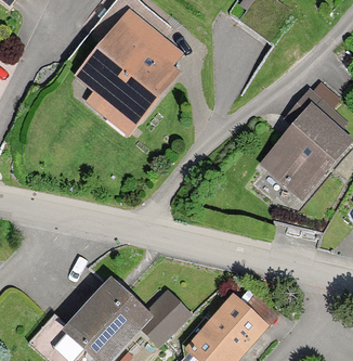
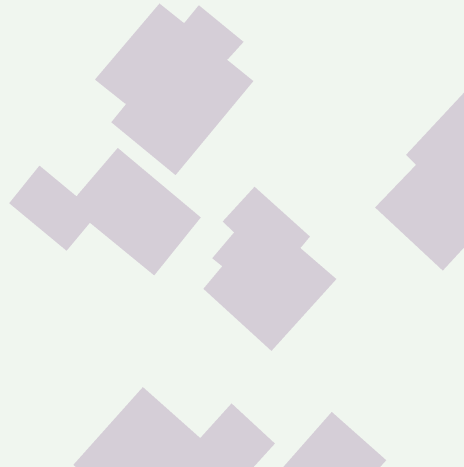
building: none -> [8,147,202,276]
building: none -> [202,186,338,352]

